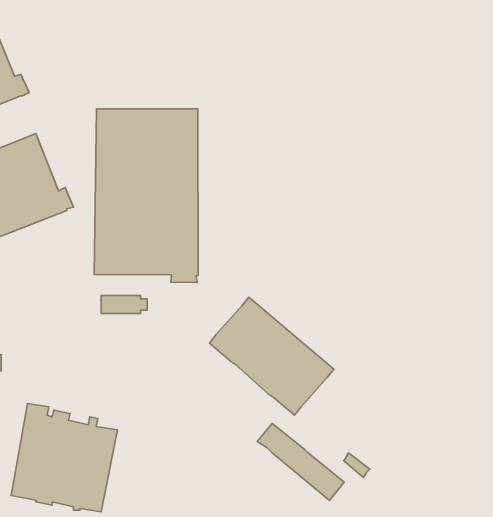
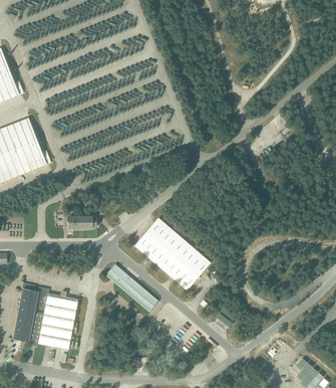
building: [94,109,198,283] -> none
building: [257,423,344,500] -> [105,264,158,312]

